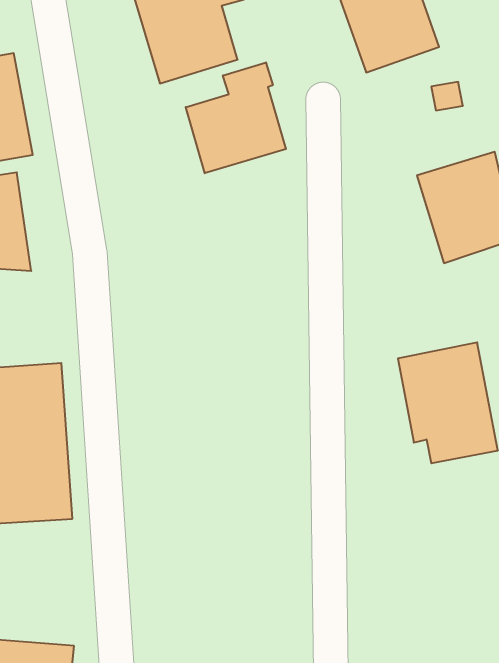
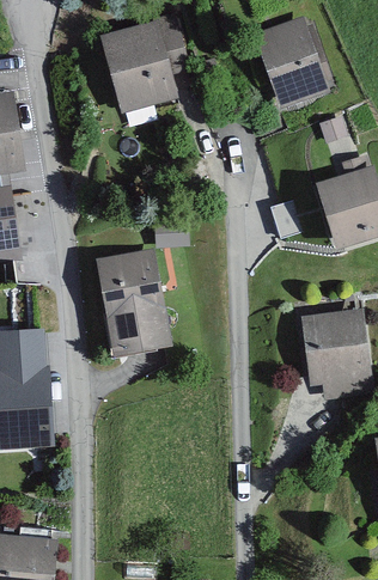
building: [186,62,286,173] -> none
building: none -> [94,248,170,353]

